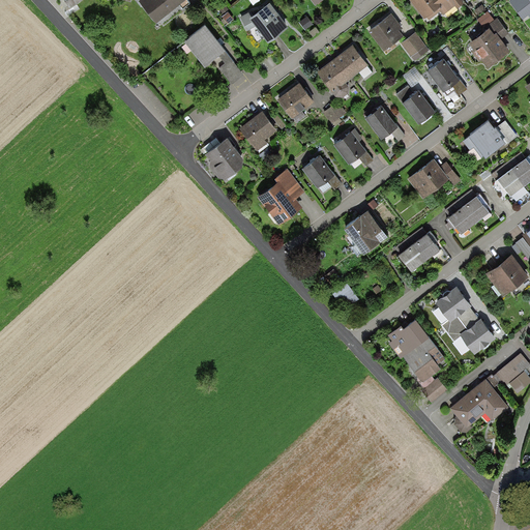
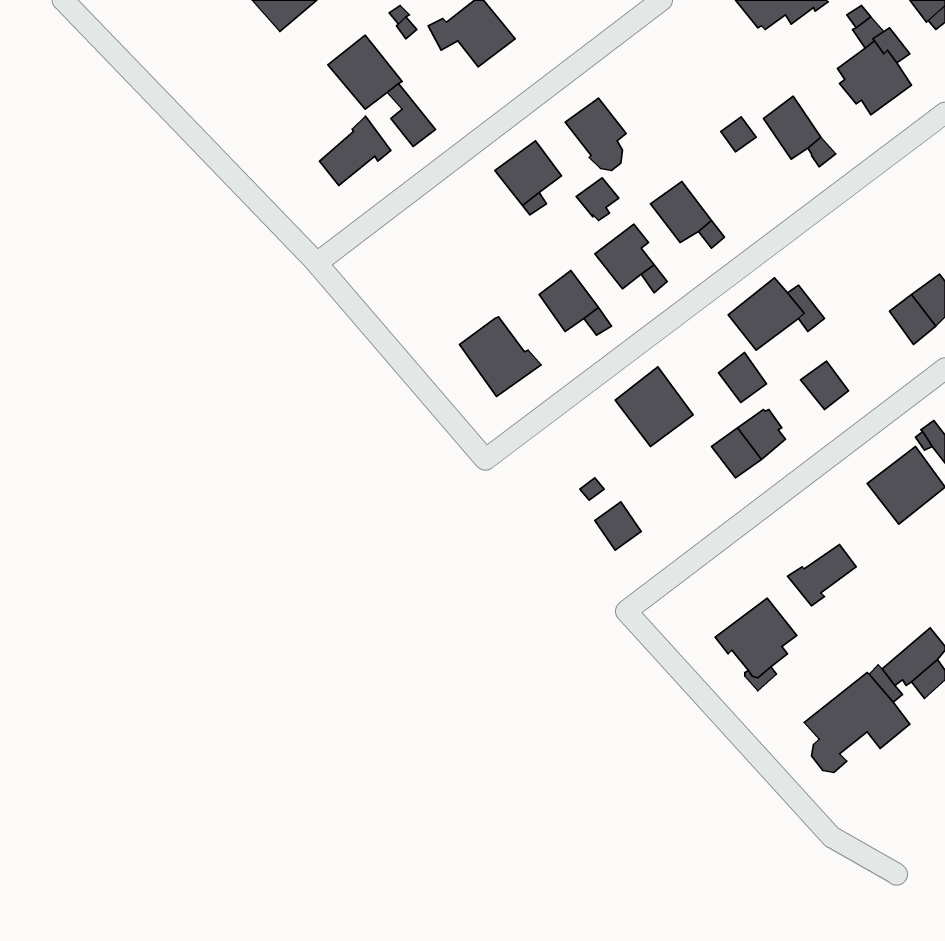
building: [367,12,403,51] -> none
building: [401,33,429,62] -> none
building: [334,43,367,78] -> none
building: none -> [320,116,391,186]
building: [401,89,435,123] -> none
building: [239,111,276,151] -> none
building: [463,118,504,157] -> none
building: [204,137,242,179] -> none
building: [274,169,303,200] -> none
building: [462,194,489,222] -> [718,352,767,402]
building: [435,286,471,321] -> none
building: [459,318,495,354] -> none
building: [387,319,429,359] -> none

